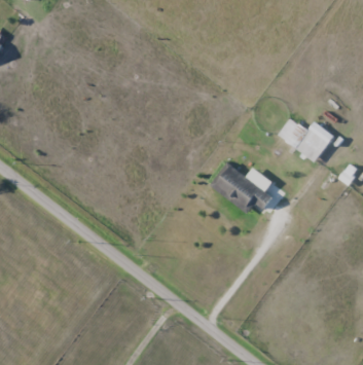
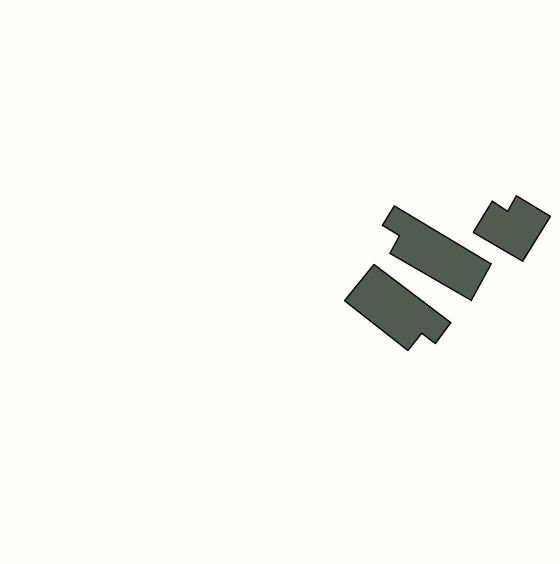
building: none -> [382,206,491,301]

